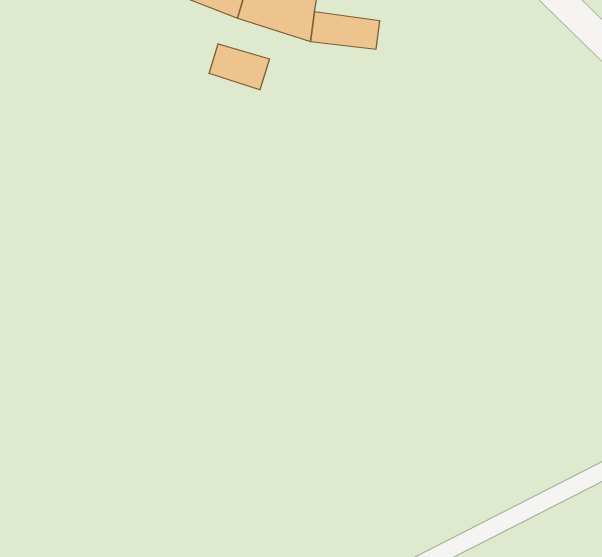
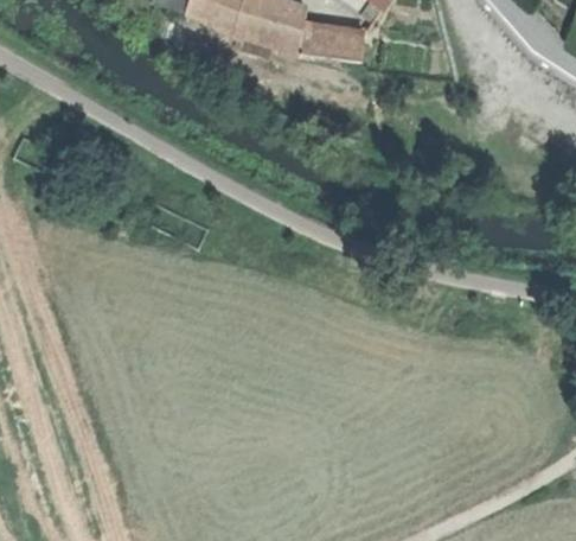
building: [209,44,269,90] -> none

